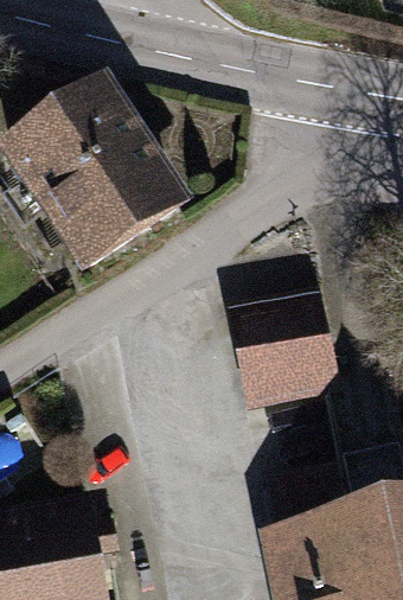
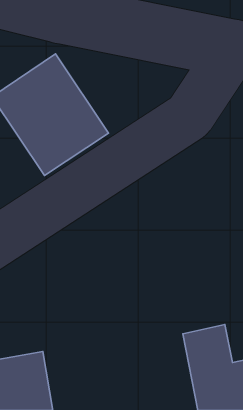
building: [243,301,330,402] -> none

